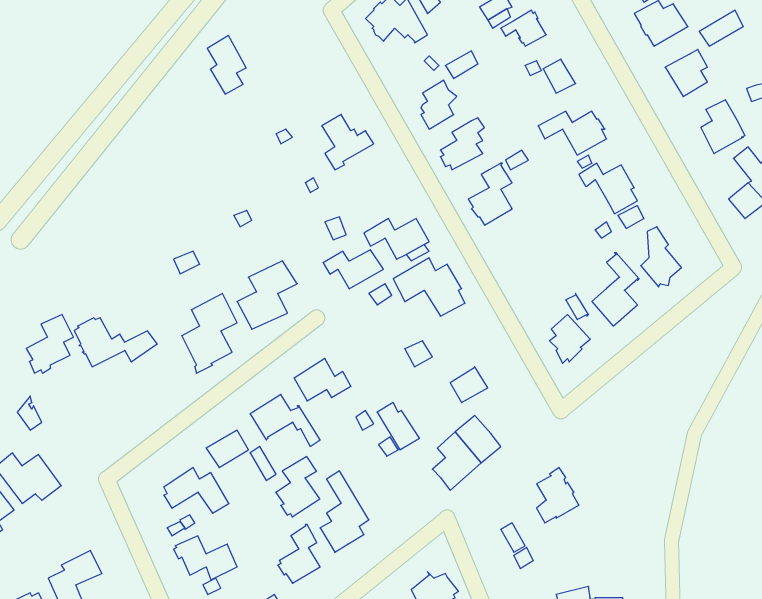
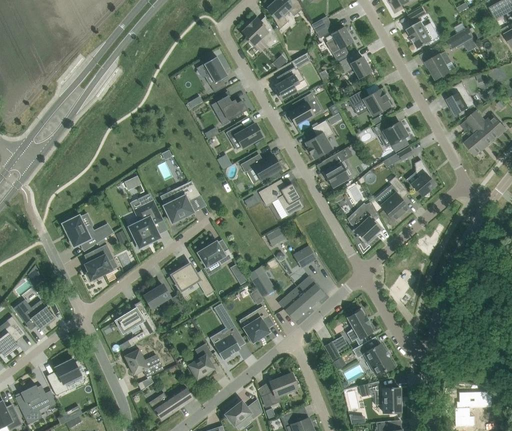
building: [207,35,246,94] -> [203,56,227,92]
building: none -> [321,150,353,188]
building: [323,250,383,289] -> [225,124,262,148]
building: [26,314,73,373] -> [84,244,113,280]
building: [276,457,320,517] -> [242,306,269,343]
building: none -> [351,341,393,375]

